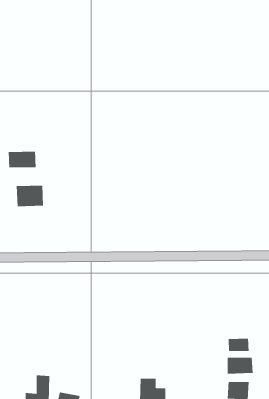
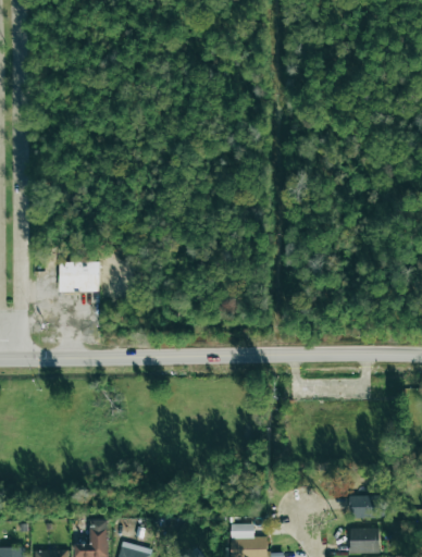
building: [8,151,36,168] -> none
building: [228,338,249,352] -> none

